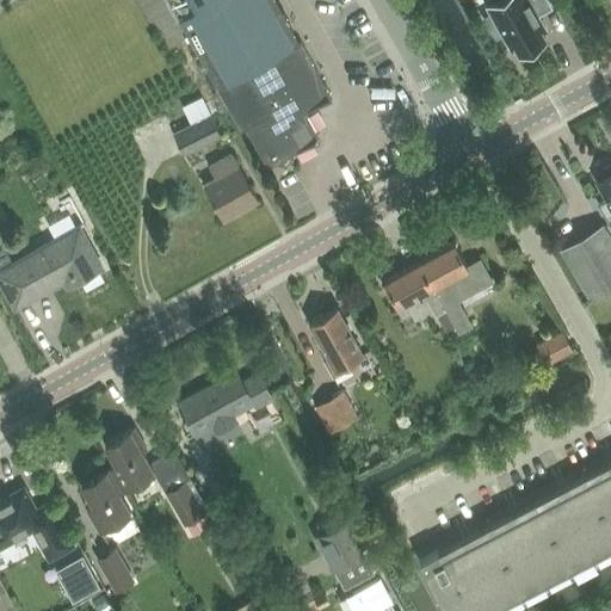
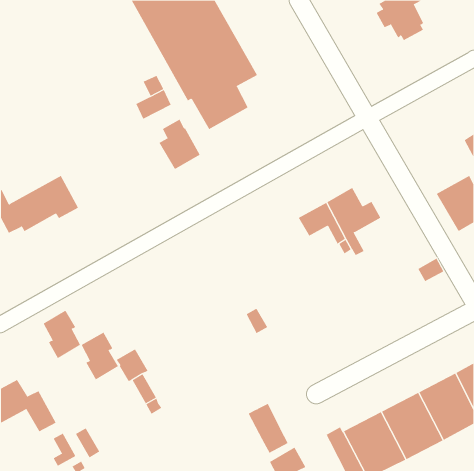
building: [308,310,362,363] -> none
building: [178,372,272,437] -> none
building: [80,470,129,533] -> [43,310,81,359]

